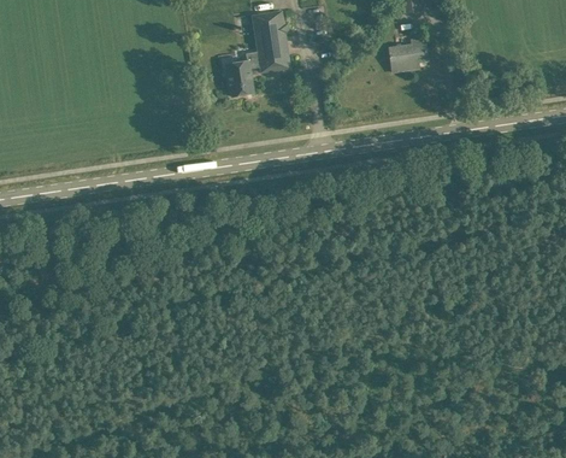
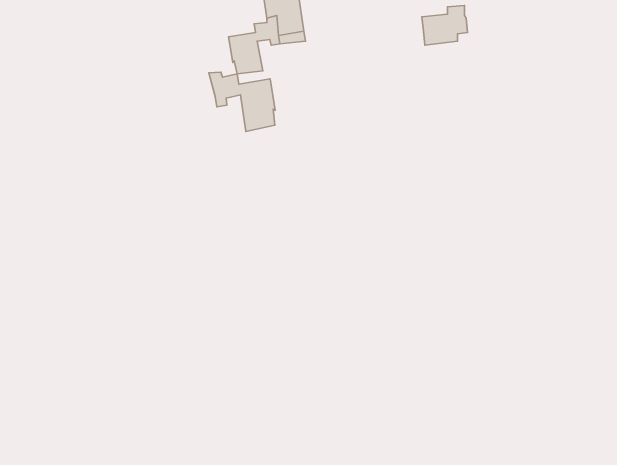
building: none -> [209,72,275,132]

